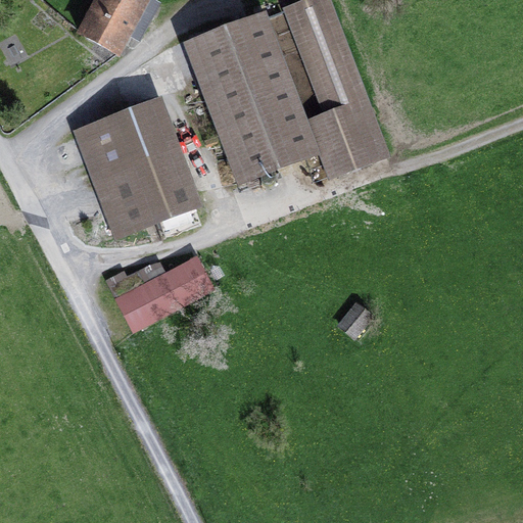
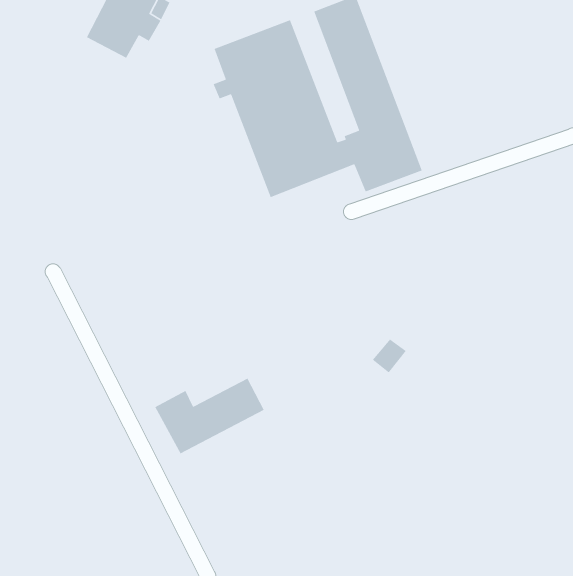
building: [77,104,191,233] -> none
building: [107,259,207,329] -> [154,377,265,454]

